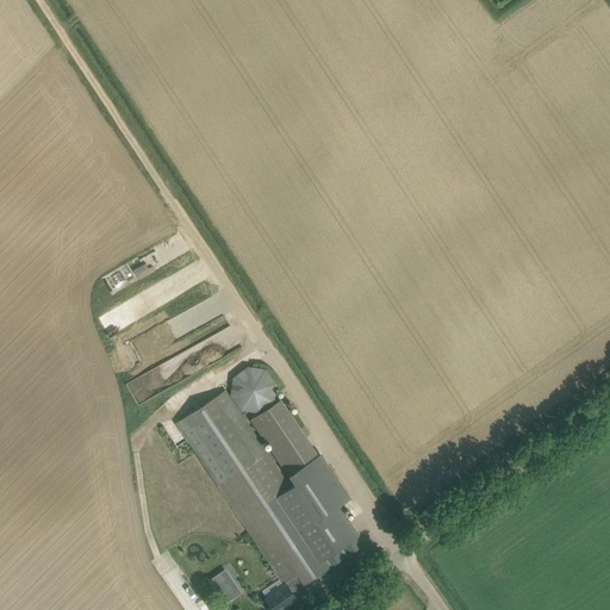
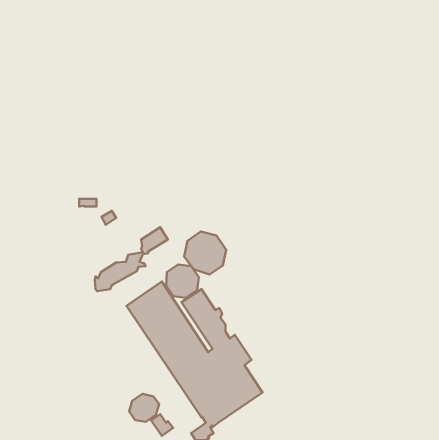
building: none -> [184,232,226,275]
building: none -> [129,394,159,422]

